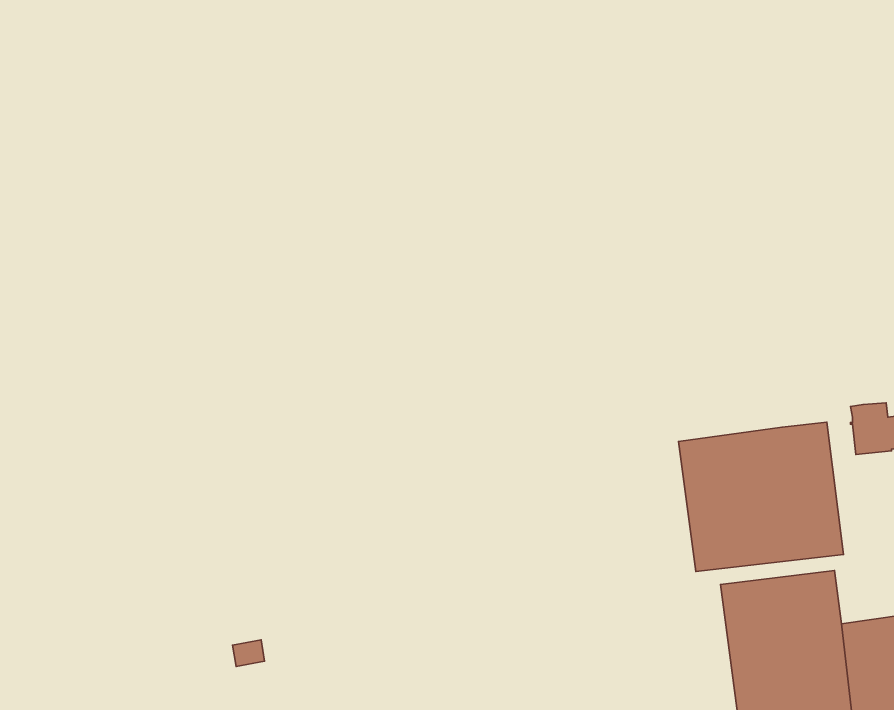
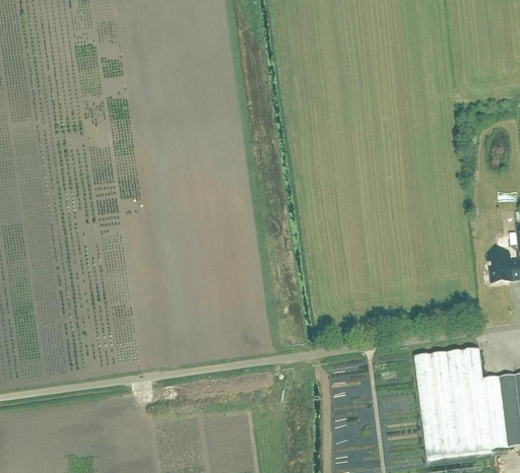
building: [678,422,843,572] -> none

